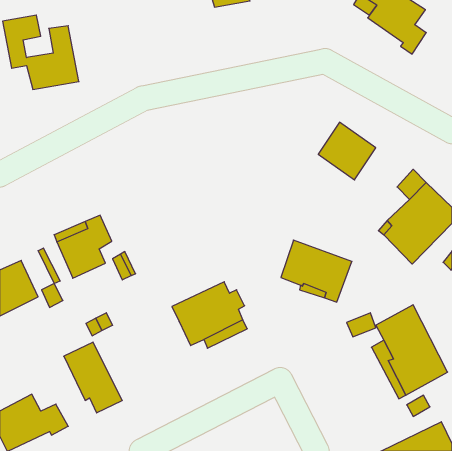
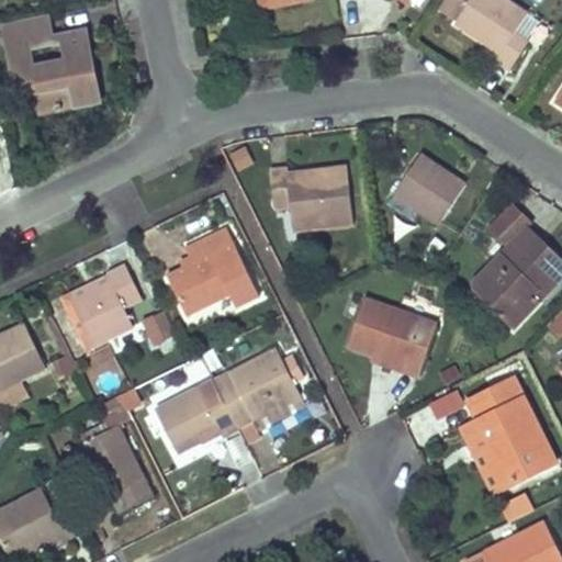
building: none -> [270,168,352,231]
building: none -> [168,231,260,315]
building: none -> [157,380,236,452]

